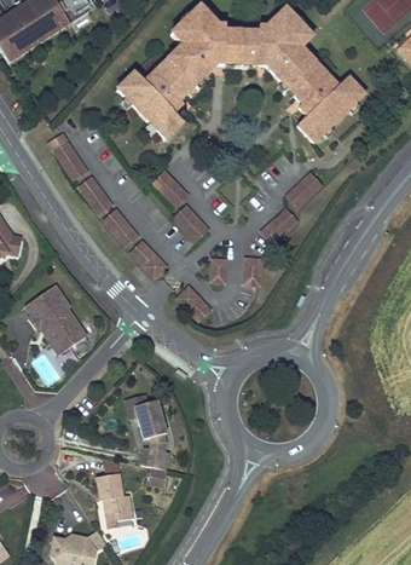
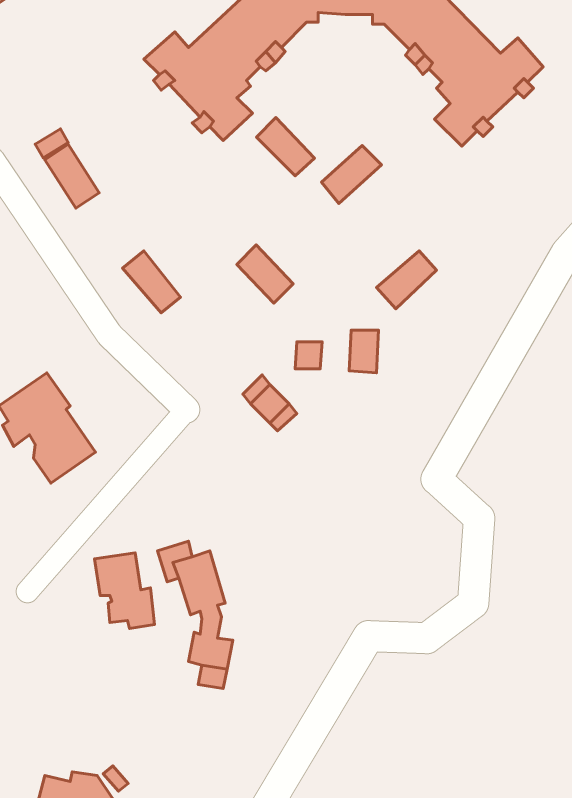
building: [152,169,189,206] -> [256,118,315,176]
building: [285,172,323,208] -> [321,145,381,203]
building: [77,177,112,215] -> none
building: [129,240,167,277] -> none
building: [94,472,132,519] -> [94,553,155,628]

